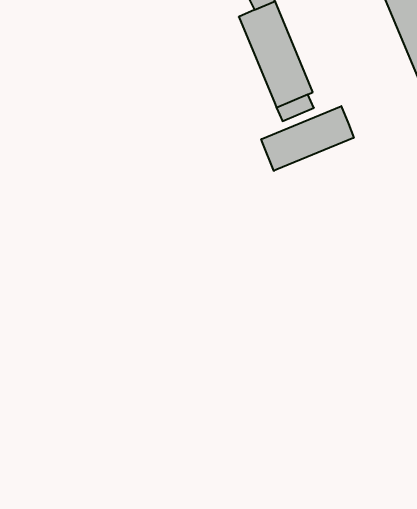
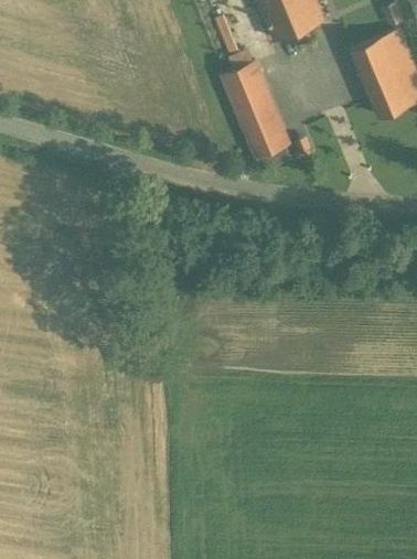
building: [261,106,354,171] -> none

